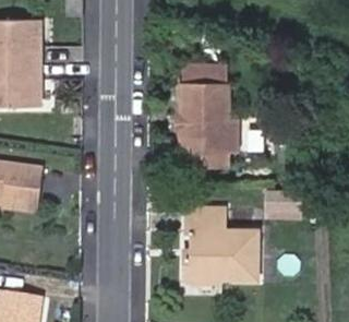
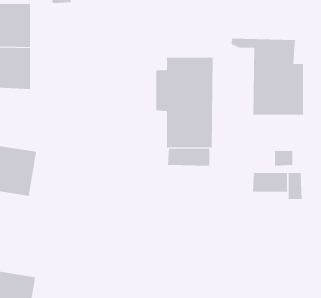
building: none -> [231,38,303,116]
building: [184,207,255,279] -> none

